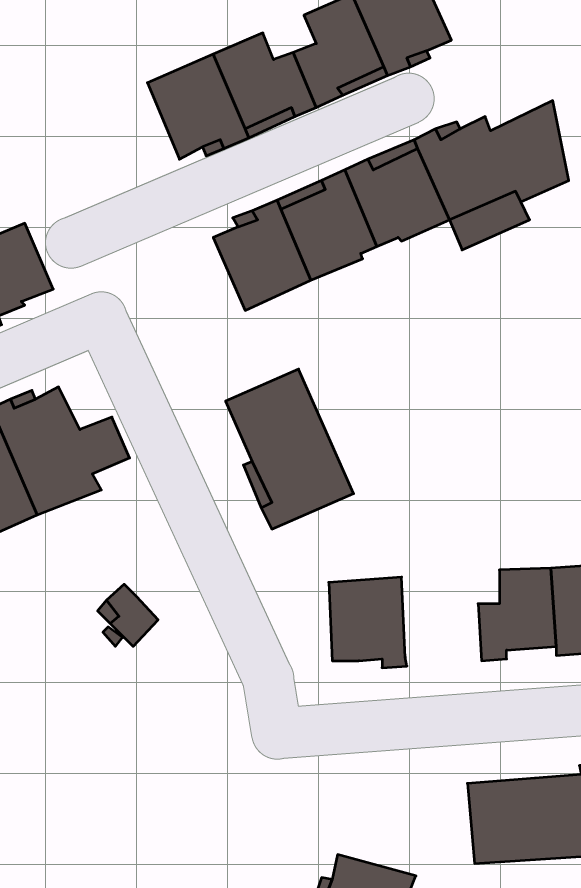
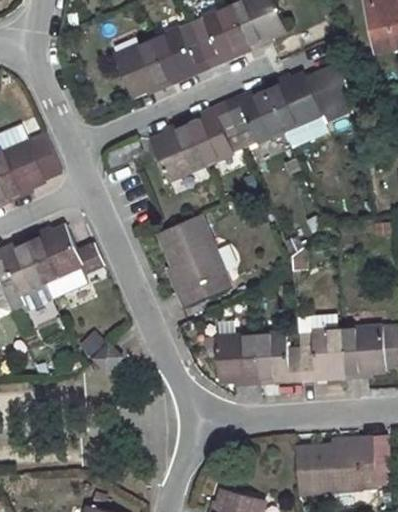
building: none -> [258,331,303,380]

